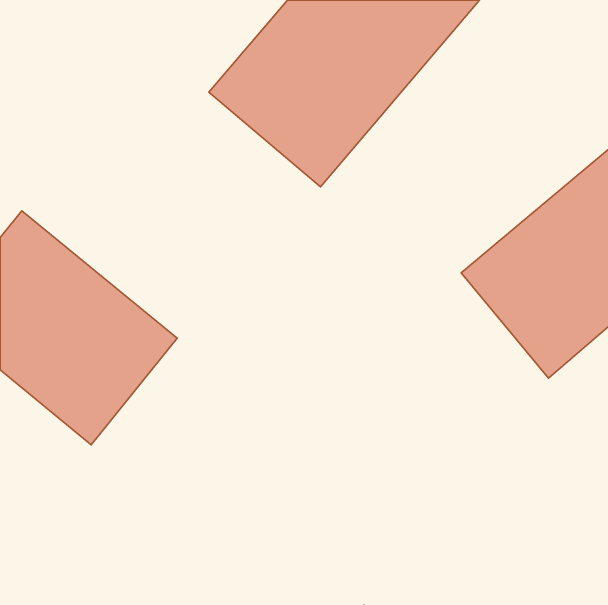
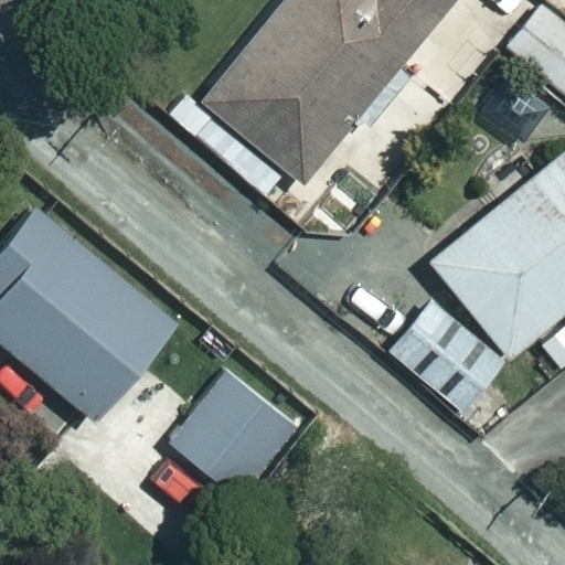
building: none -> [381,298,505,420]
building: none -> [168,367,301,502]

